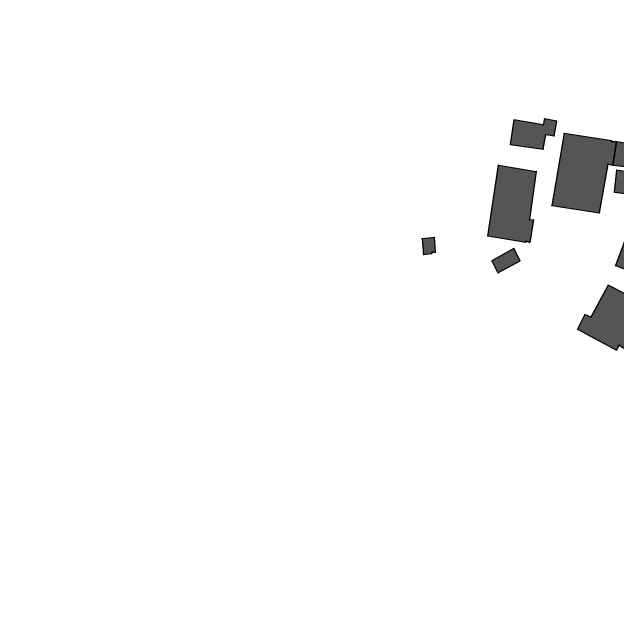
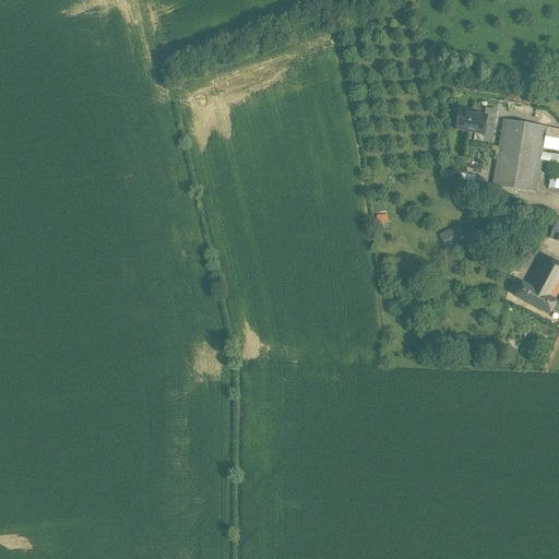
building: [488,165,536,243] -> none

